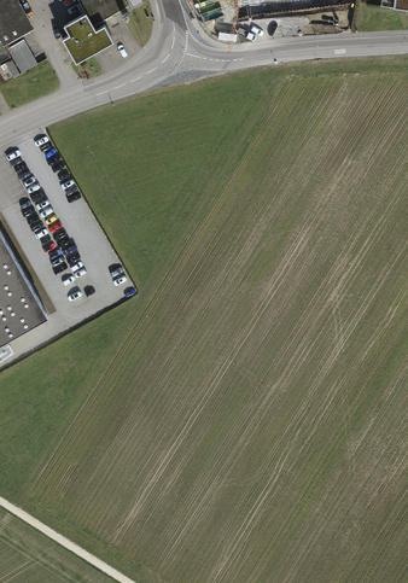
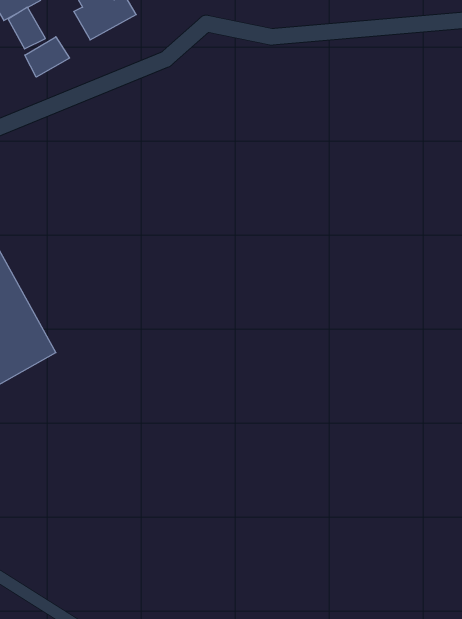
building: none -> [25,37,70,77]

